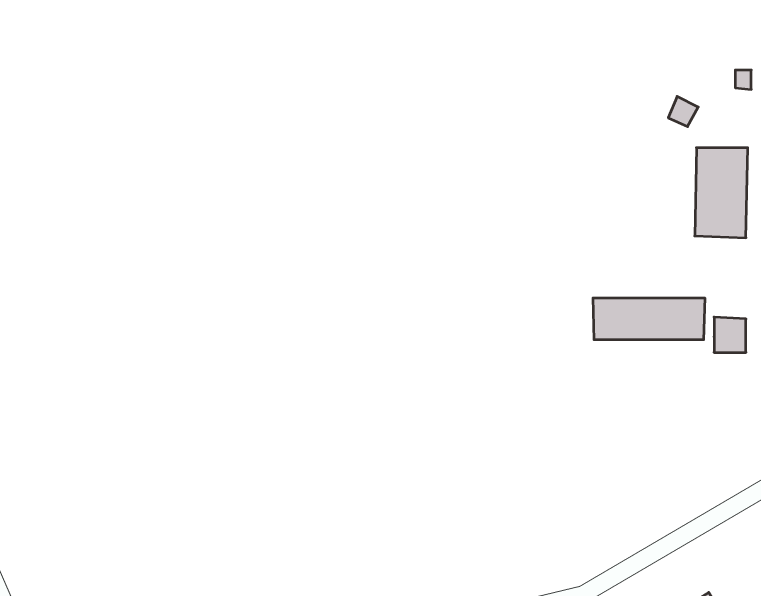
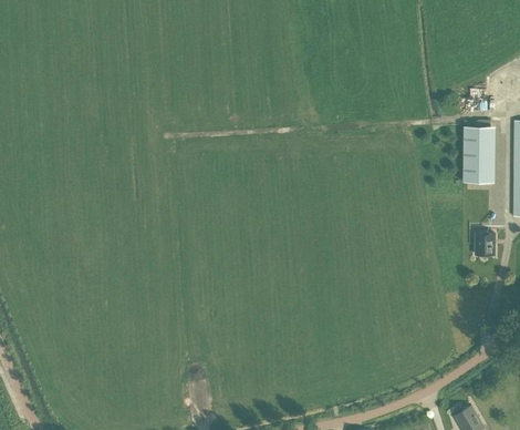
building: [593,298,705,340] -> none

